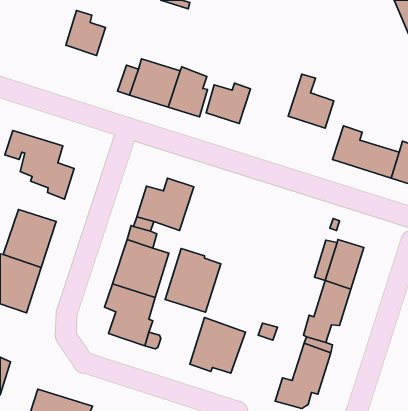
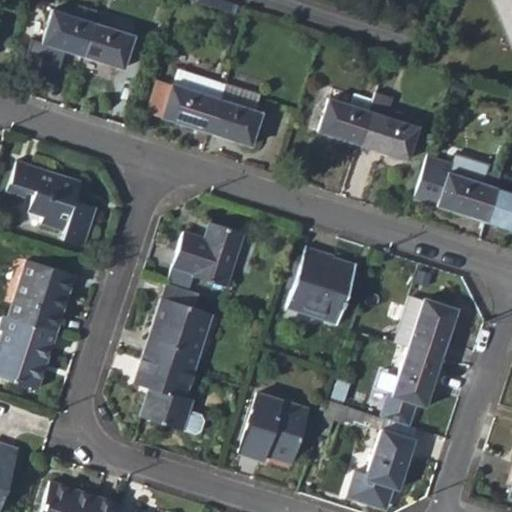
building: none -> [45,8,99,57]
building: [206,83,251,123] -> [321,95,376,145]
building: [165,249,221,312] -> [287,246,356,325]

